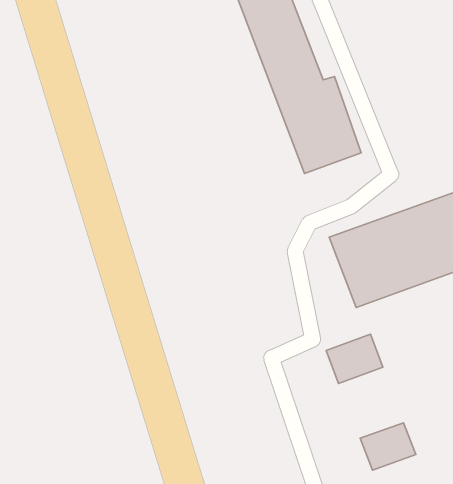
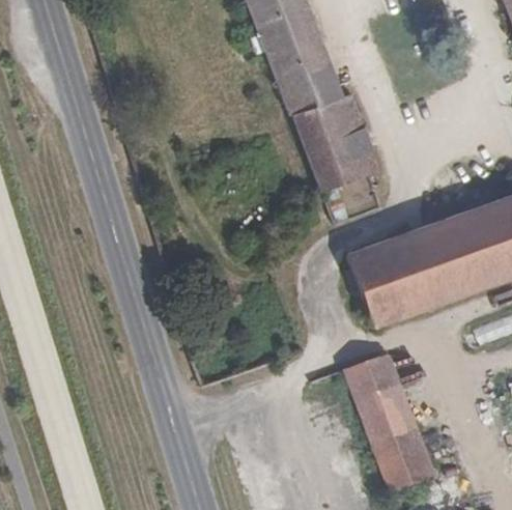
building: none -> [357,386,422,457]

